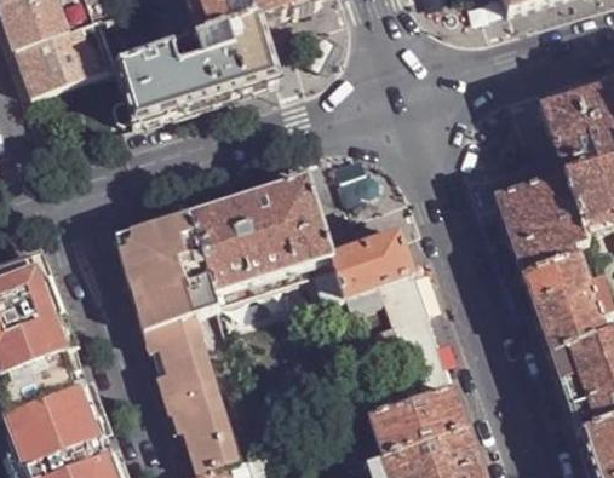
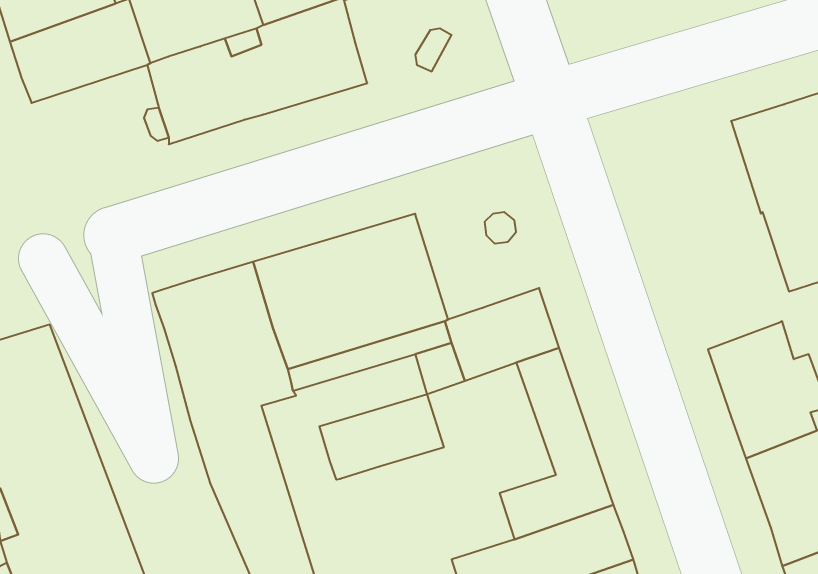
building: [497,173,586,273] -> none
building: none -> [319,394,444,480]

